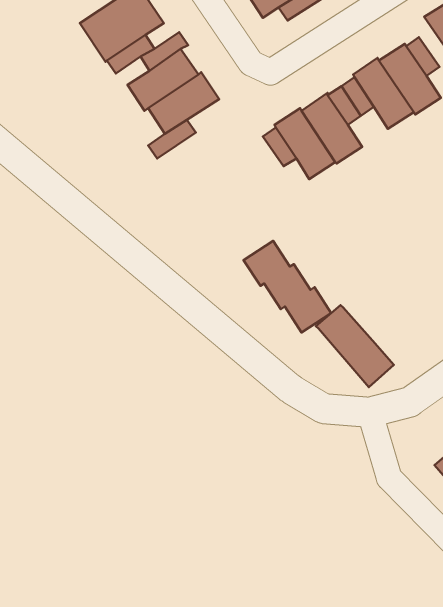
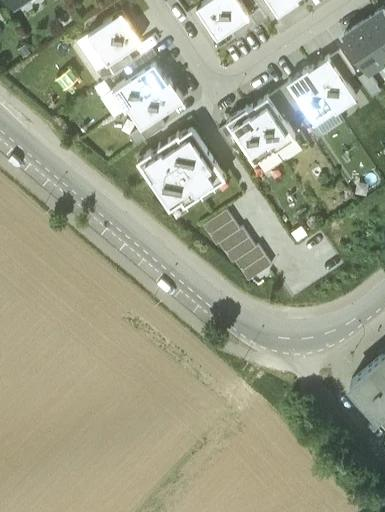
building: none -> [138,128,227,209]
building: [316,305,394,387] -> none

